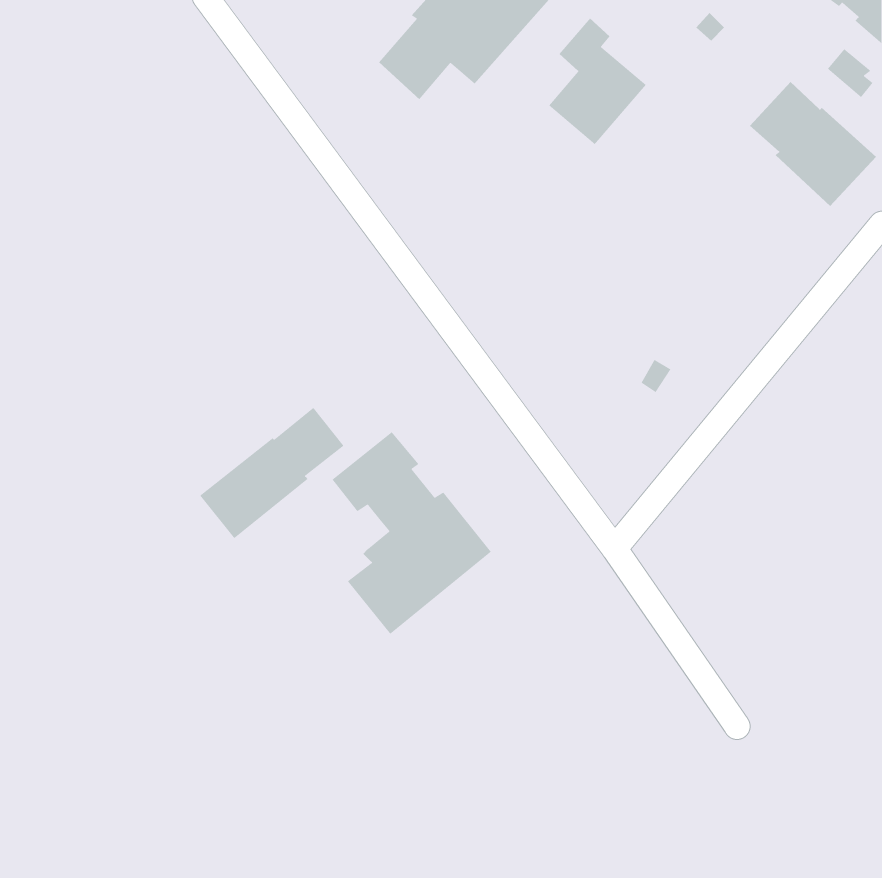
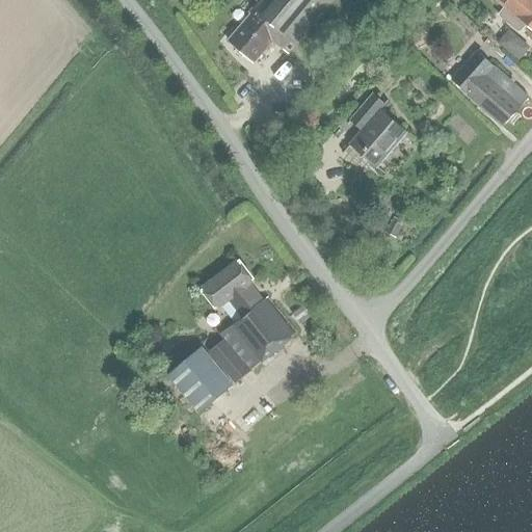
building: [548,18,647,145] -> [350,91,409,168]
building: [199,407,345,539] -> none
building: none -> [166,347,232,414]

